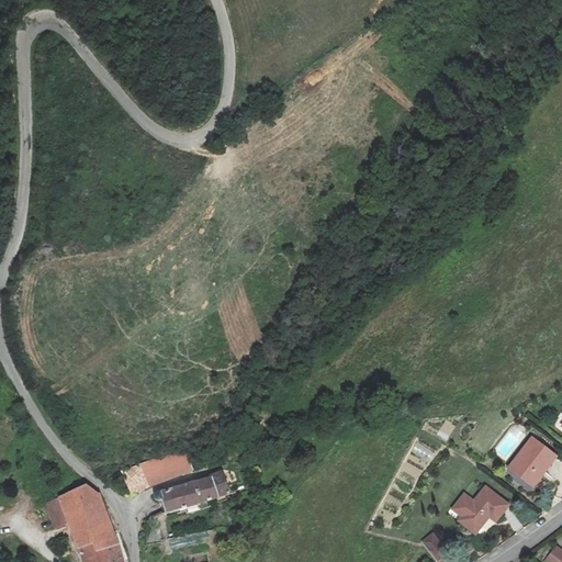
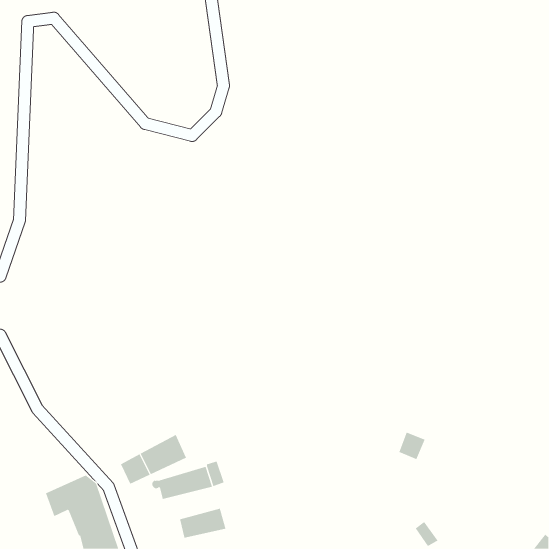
building: [509,438,555,485] -> none
building: [453,486,509,533] -> none
building: none -> [180,508,226,539]

